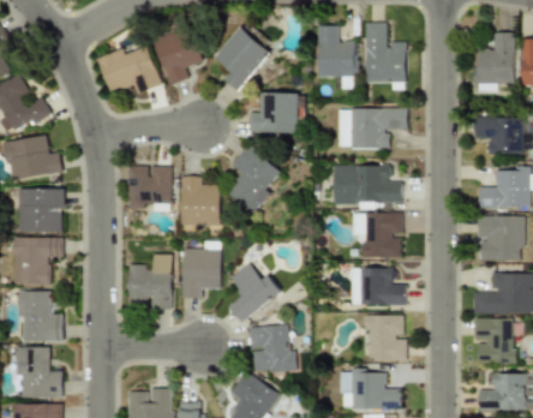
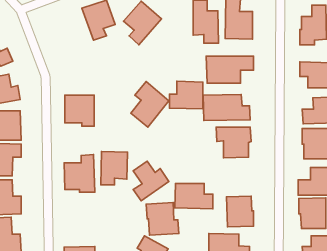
building: [98,46,162,94] -> none
building: [250,92,299,133] -> [169,81,203,109]
building: [181,175,221,226] -> none
building: [349,268,406,305] -> [175,184,213,209]

